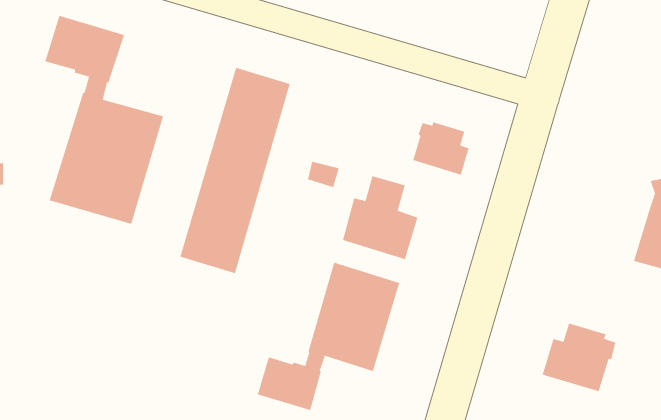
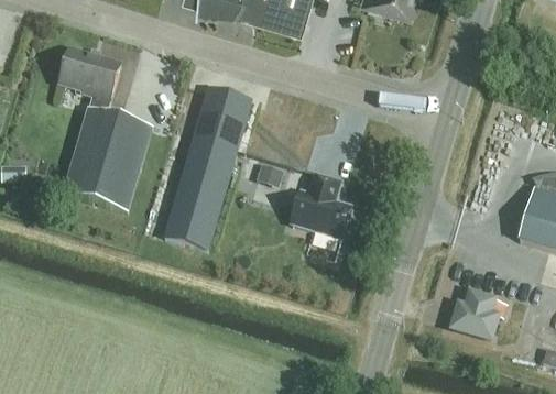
building: [413,122,469,175] -> none
building: [257,262,400,411] -> none

